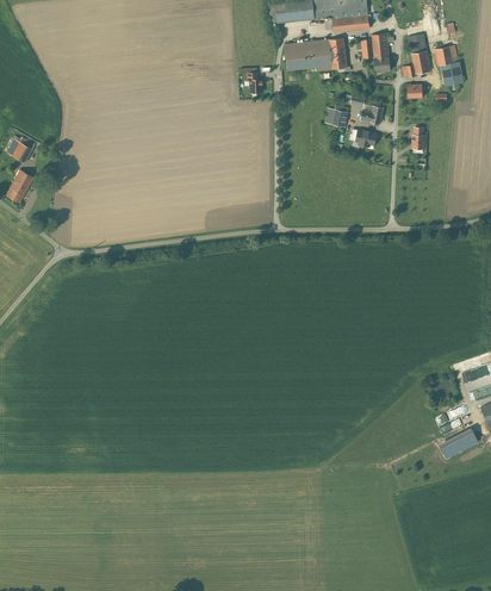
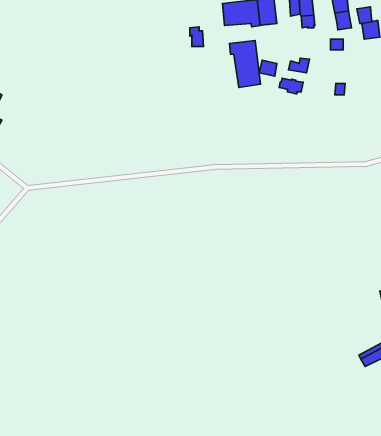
building: none -> [229,40,261,88]

